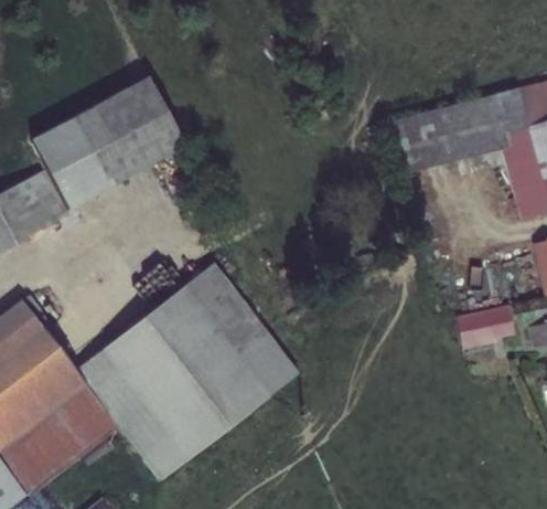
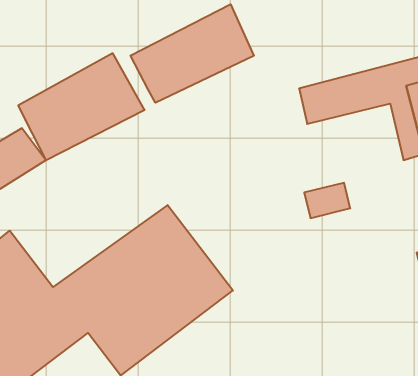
building: none -> [131,4,254,103]
building: [457,305,514,349] -> [304,183,350,218]

